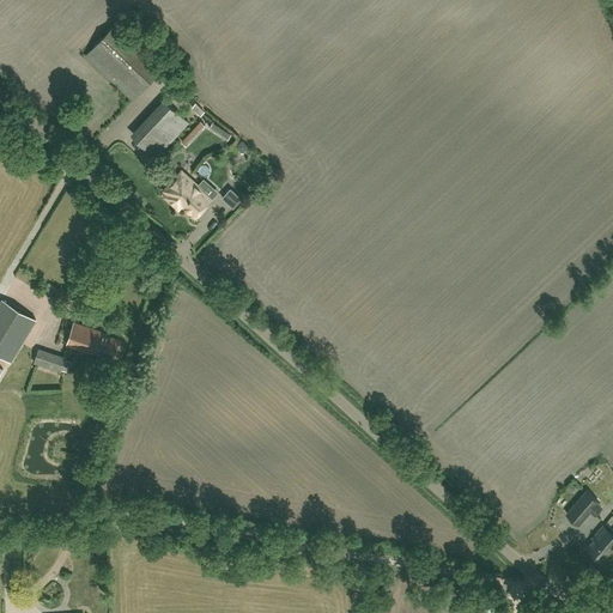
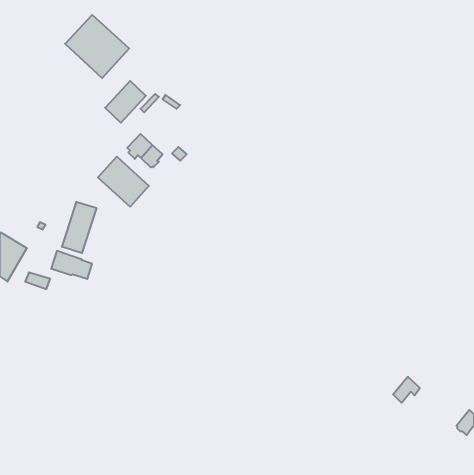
building: none -> [98,157,149,207]
building: none -> [62,202,96,253]
building: [566,491,601,524] -> [393,377,420,403]

